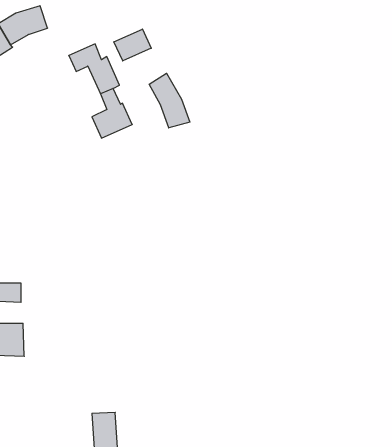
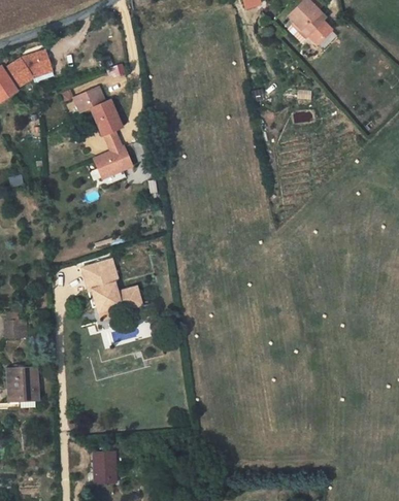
building: [114,29,151,61] -> none
building: [149,73,190,128] -> none
building: none -> [80,261,133,312]

